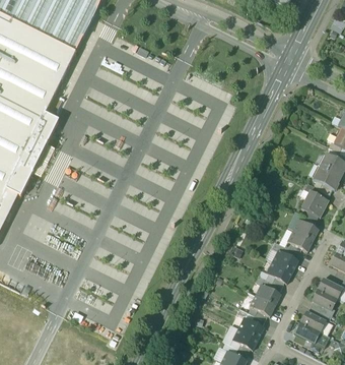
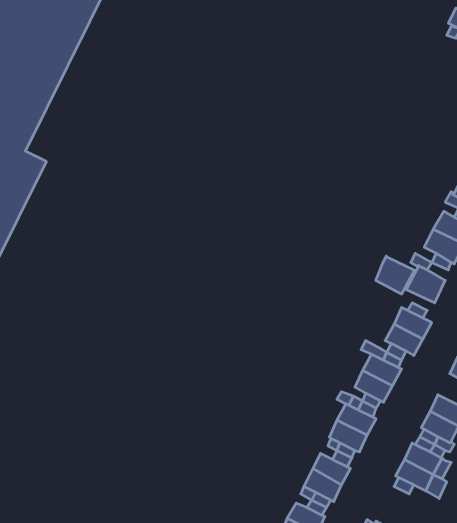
building: none -> [376,256,414,294]

